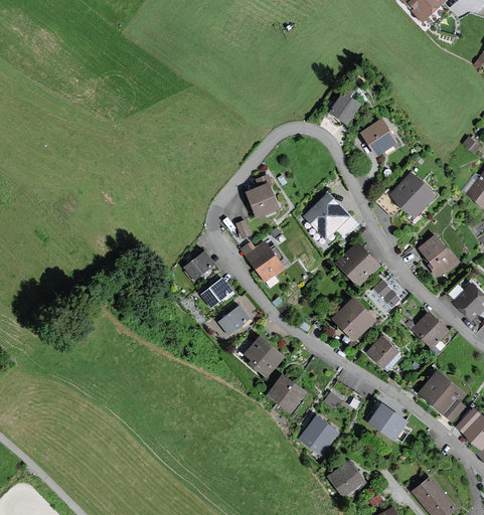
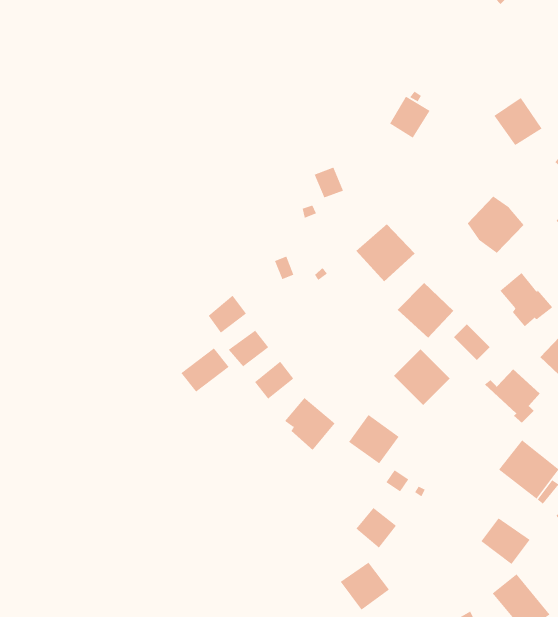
building: [360,118,399,157] -> [494,97,542,146]
building: [249,190,273,215] -> [314,167,344,198]
building: [243,239,288,289] -> none
building: none -> [181,347,229,393]
building: [368,335,401,368] -> none
building: [267,373,308,413] -> [348,414,399,464]
building: [368,404,409,443] -> [481,517,531,565]
building: [326,459,366,498] -> [340,562,390,611]

